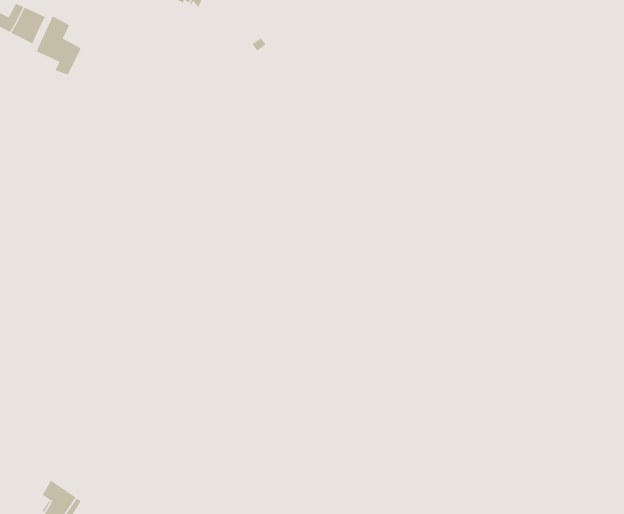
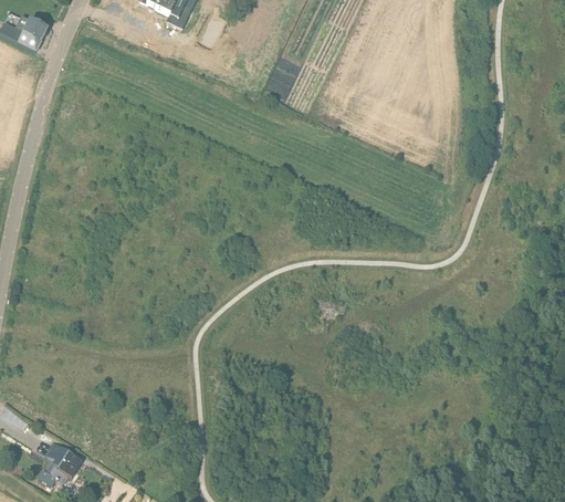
building: [36,15,81,75] -> none

